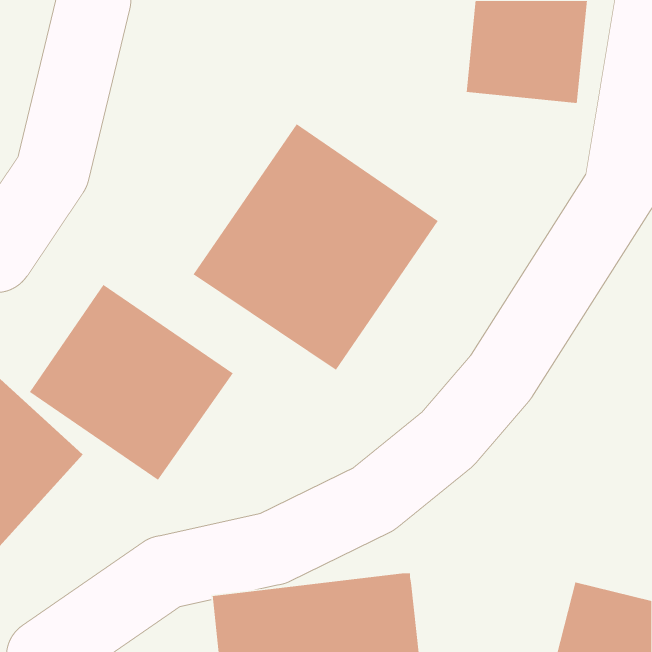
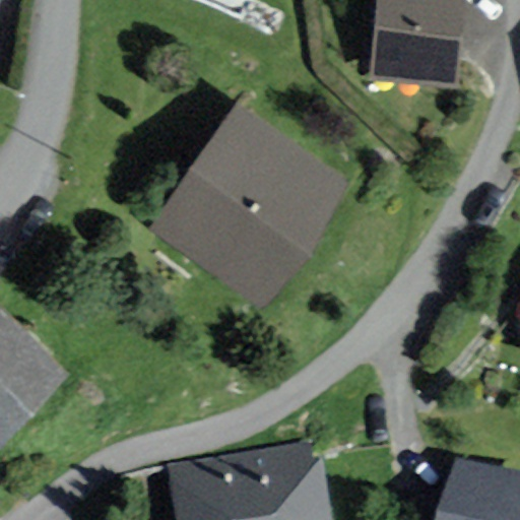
building: [29,284,234,481] -> none

